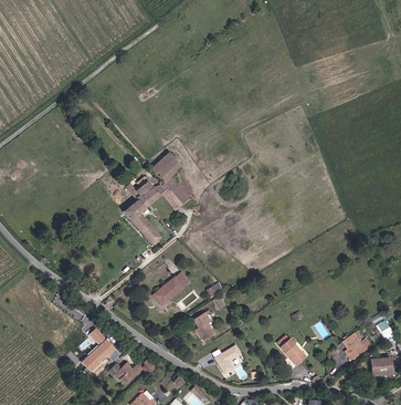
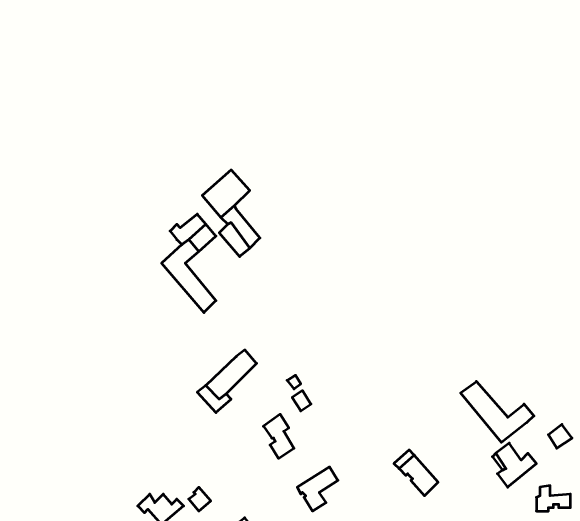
building: none -> [461,381,534,442]
building: [83,328,122,375] -> none

